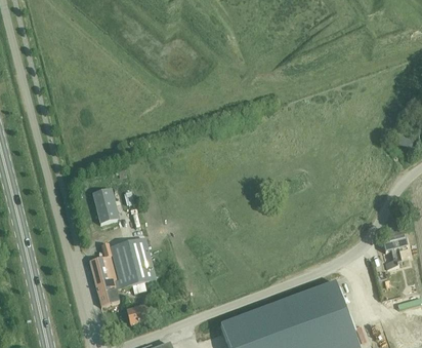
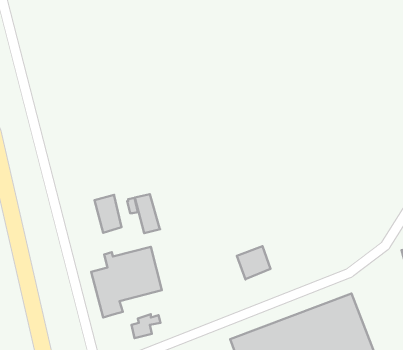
building: none -> [135,194,160,233]
building: none -> [237,246,271,279]

